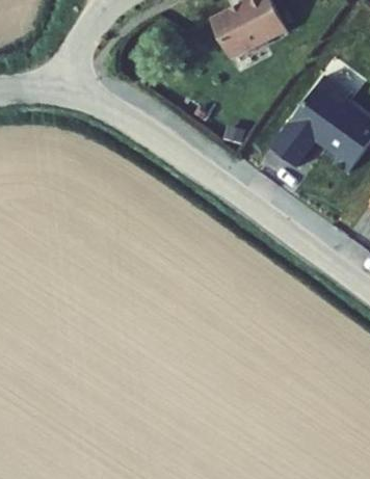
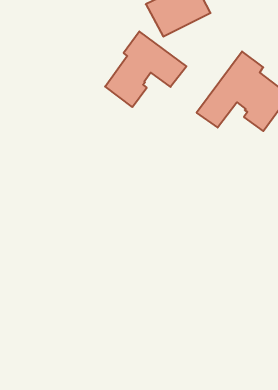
building: none -> [105,31,186,107]

